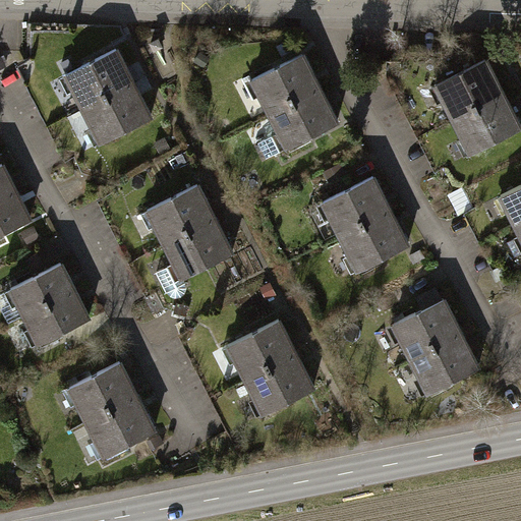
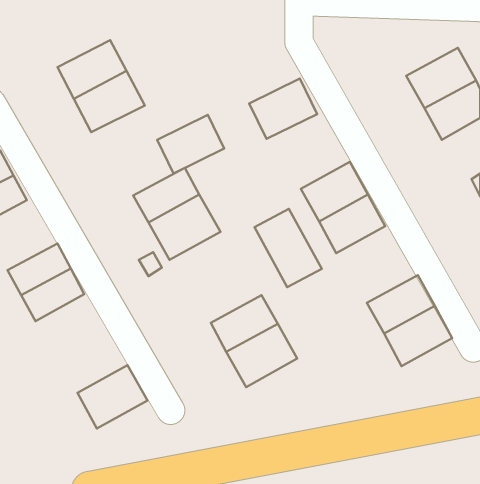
building: [247,54,319,116] -> [157,115,224,173]
building: none -> [254,209,322,287]
building: [65,363,135,423] -> none

